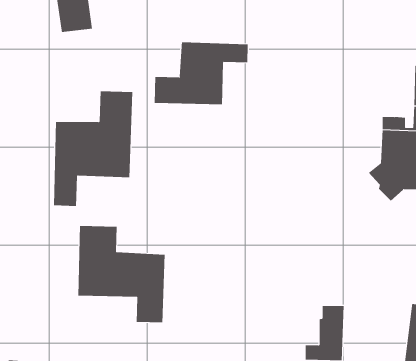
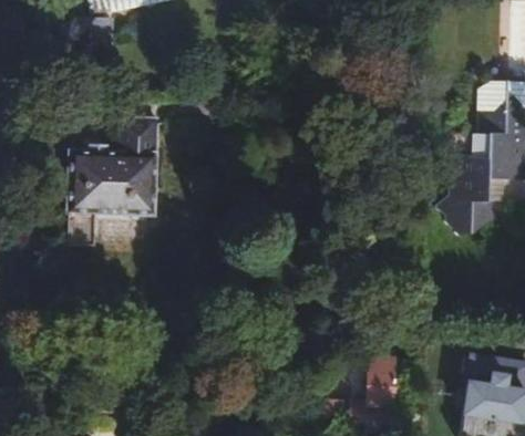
building: [154,42,248,105] -> none
building: [78,225,165,323] -> none

